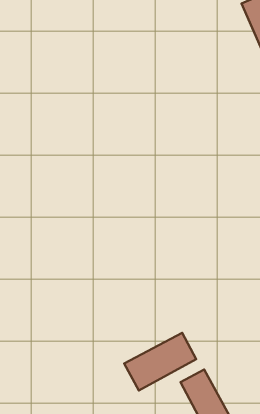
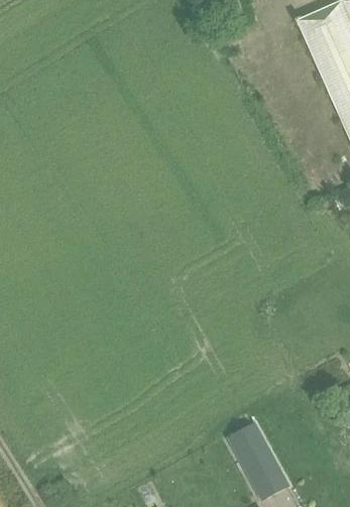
building: [124,333,196,390] -> none

